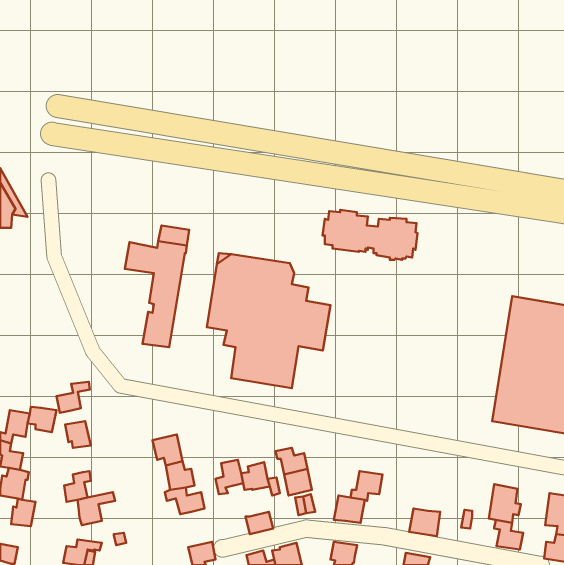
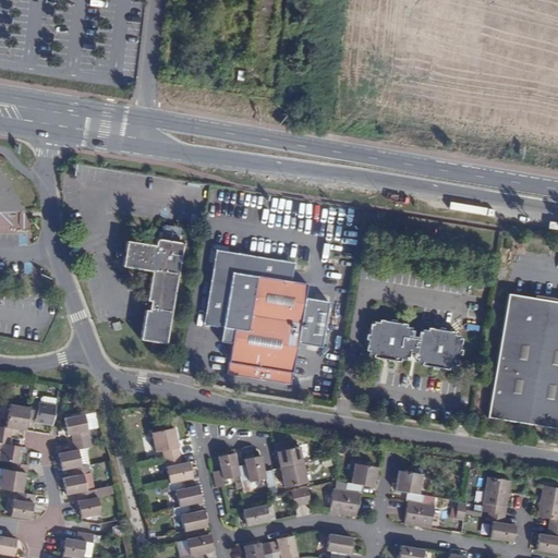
building: [322,210,418,260] -> [366,318,460,367]
building: [57,382,90,413] -> [59,439,92,470]
building: none -> [397,471,424,504]
building: none -> [172,505,208,532]

